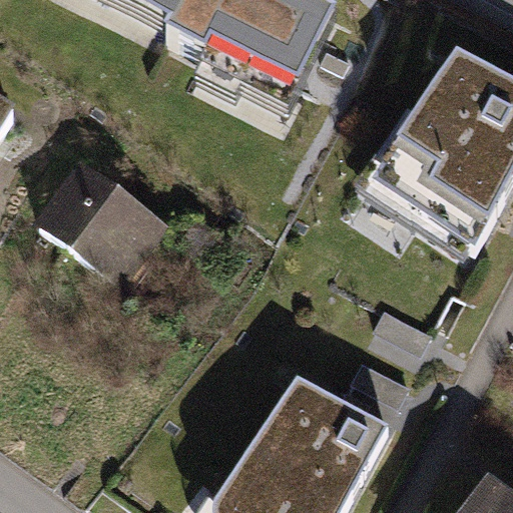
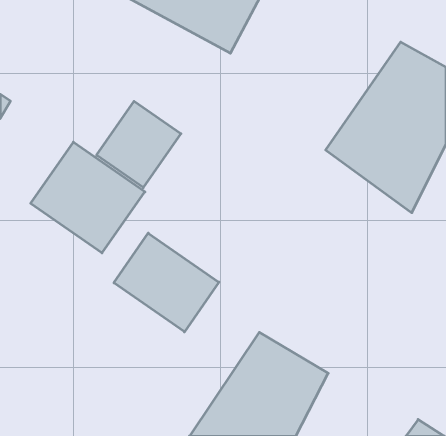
building: none -> [97,101,181,188]
building: none -> [114,233,219,332]

